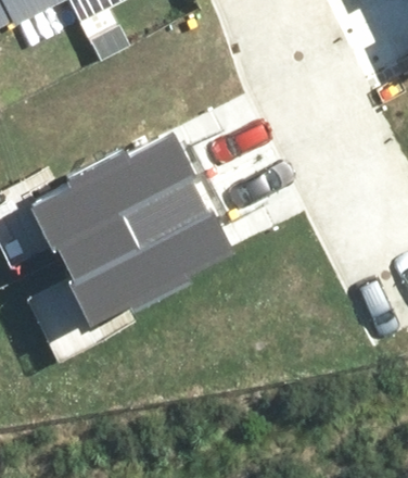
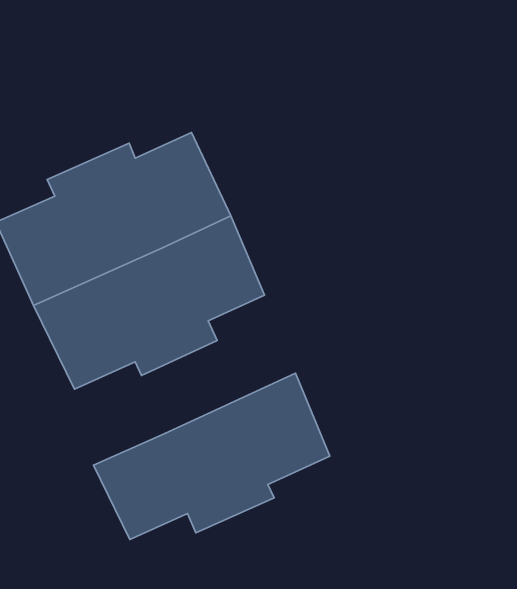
building: none -> [93,373,330,540]

